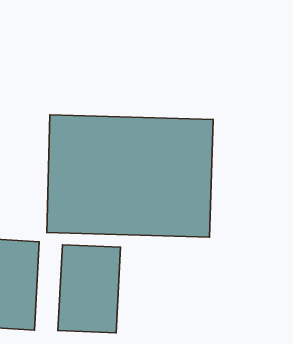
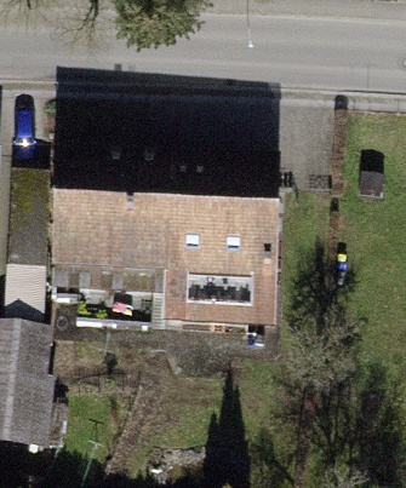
building: [58,245,121,333] -> none

